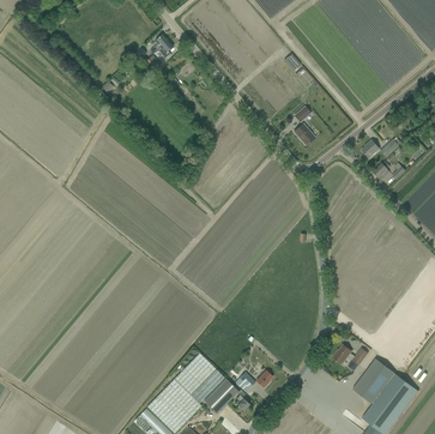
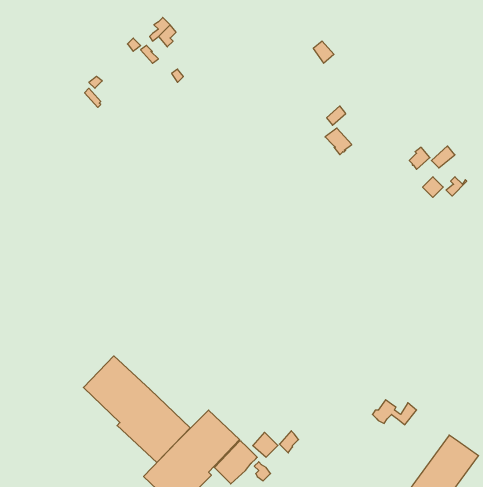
building: none -> [83,356,190,462]
building: [352,358,394,404] -> none

